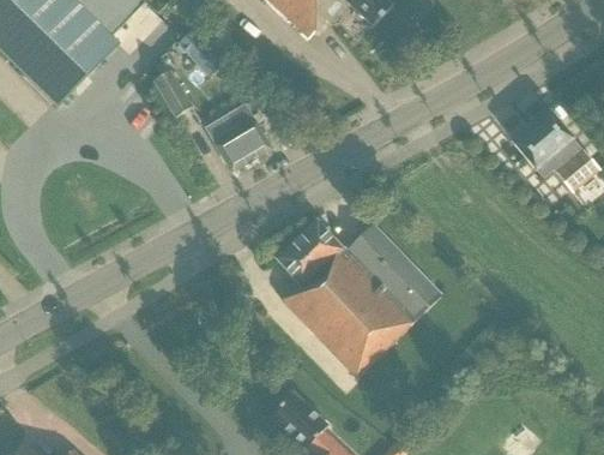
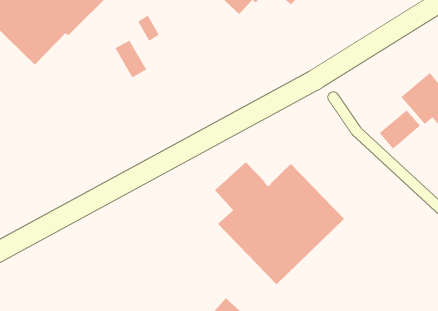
building: [205,103,272,170] -> none
building: none -> [379,109,421,149]

